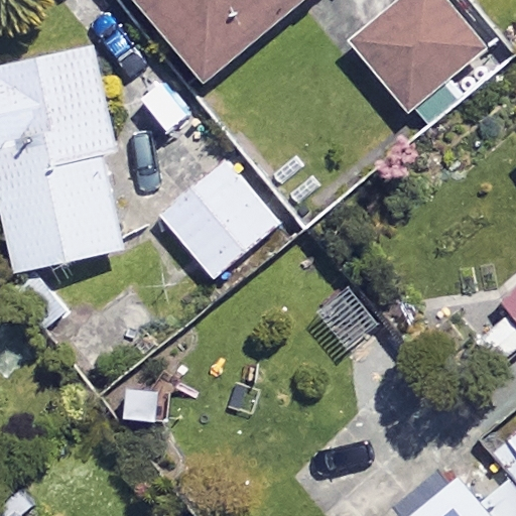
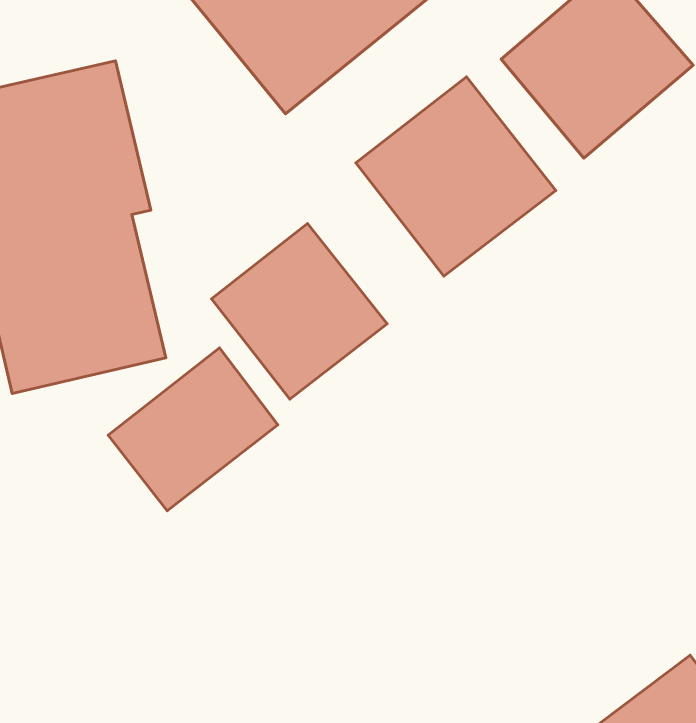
building: none -> [356,77,556,276]
building: none -> [108,348,278,511]

